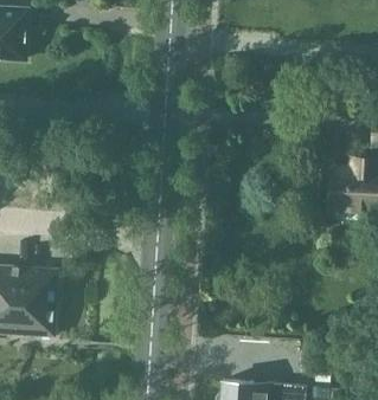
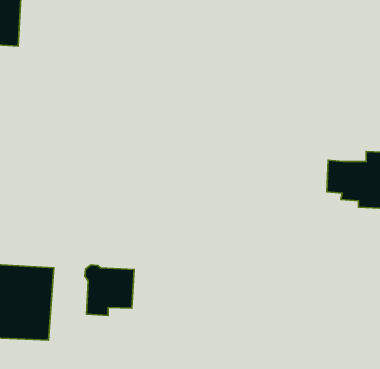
building: none -> [85,265,134,316]

